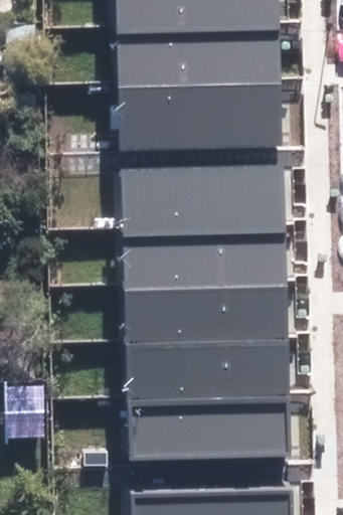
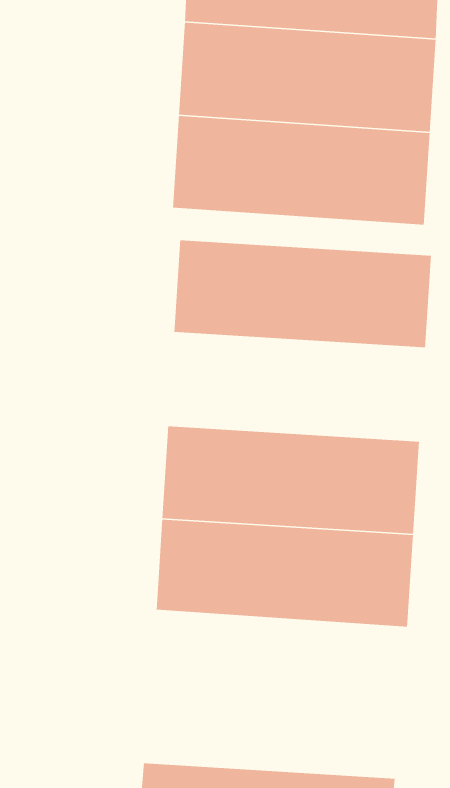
building: [126,218,285,280] -> none
building: [129,393,287,454] -> none

